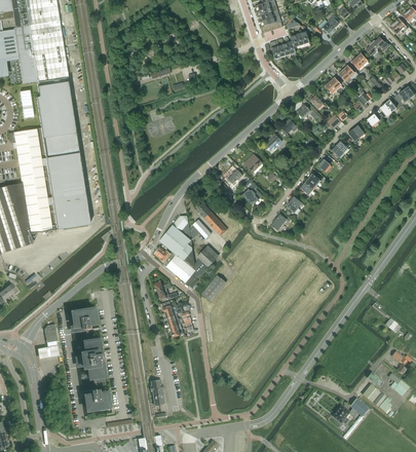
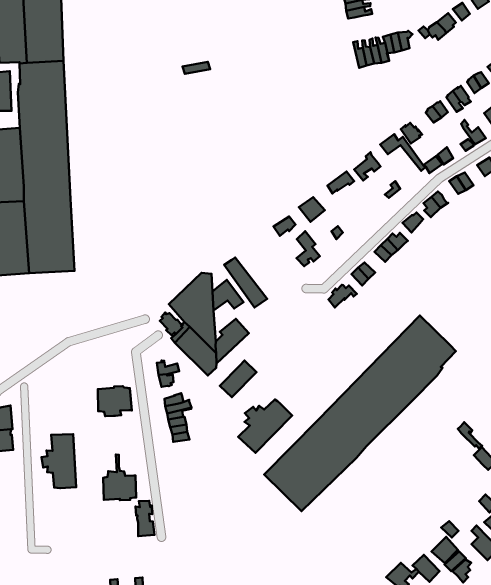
building: none -> [264,316,456,511]
building: none -> [238,399,292,453]
building: [74,307,100,330] -> [98,386,132,416]
building: [87,378,112,411] -> [103,454,136,500]

